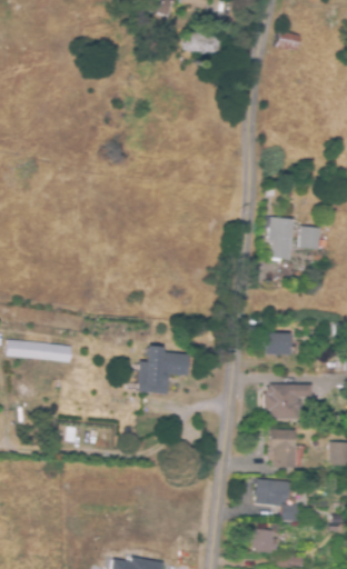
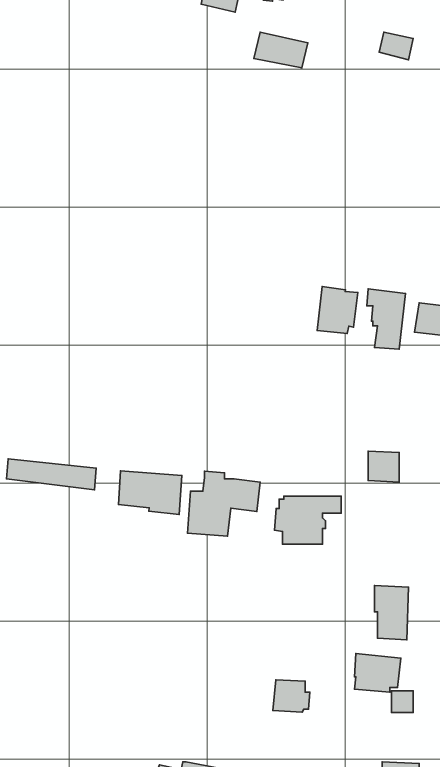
building: none -> [317,287,358,334]
building: none -> [119,471,182,515]
building: [265,385,313,419] -> [275,496,341,544]
building: [251,529,278,552] -> [273,680,310,712]

